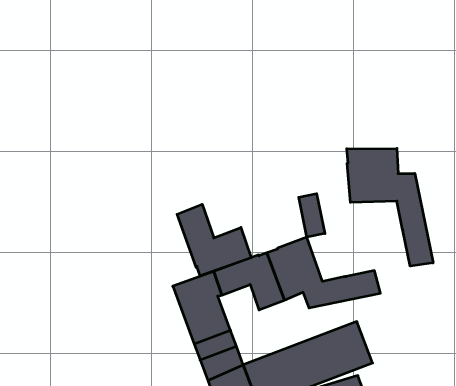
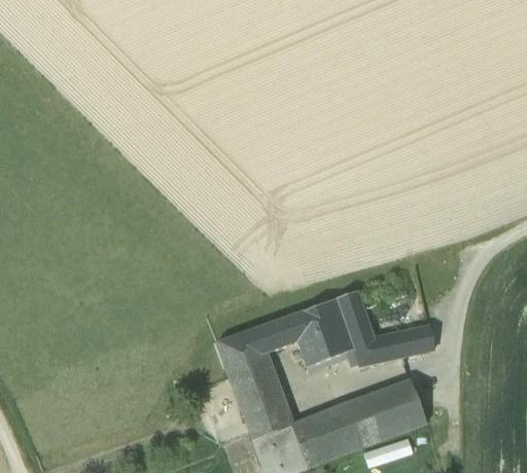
building: [347,148,433,266] -> none
building: [299,194,325,237] -> none
building: [177,204,251,276] -> none

